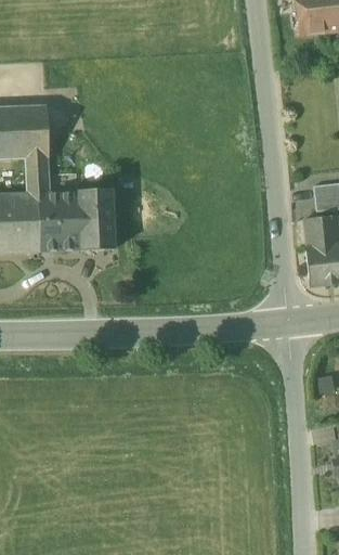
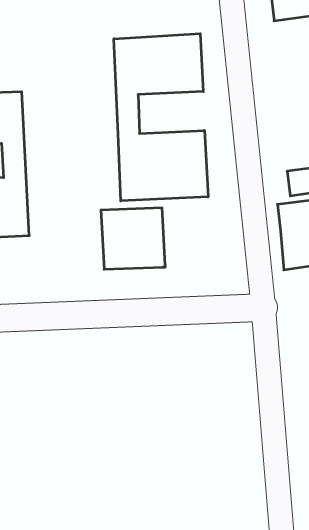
building: none -> [114,34,208,201]
building: [50,189,115,250] -> [101,208,165,269]

